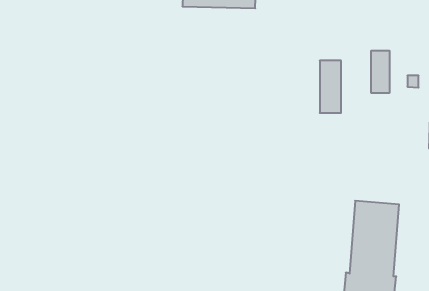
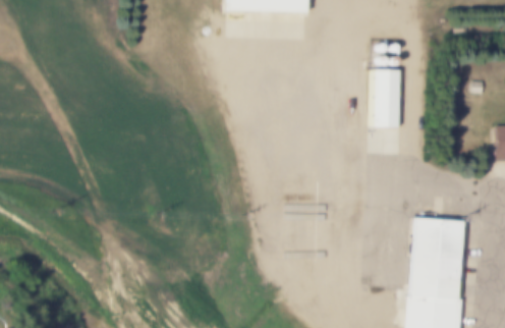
building: [371,51,389,93] -> none

